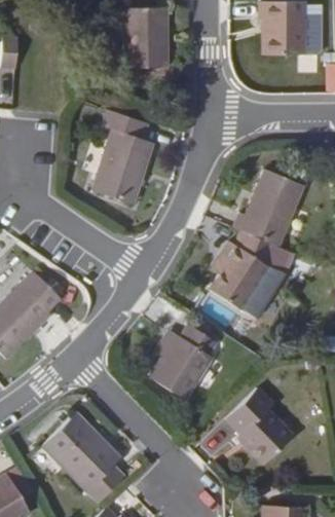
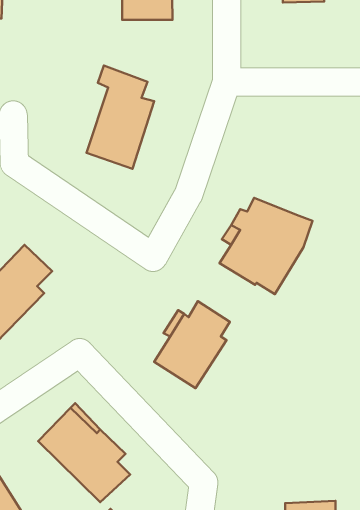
building: [230,167,302,245] -> none
building: [230,386,296,461] -> none

